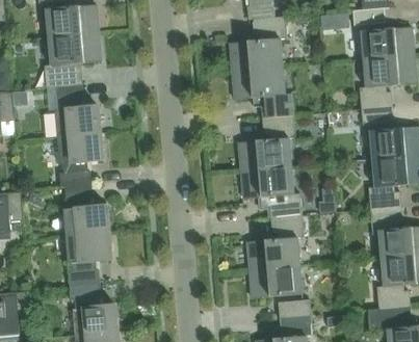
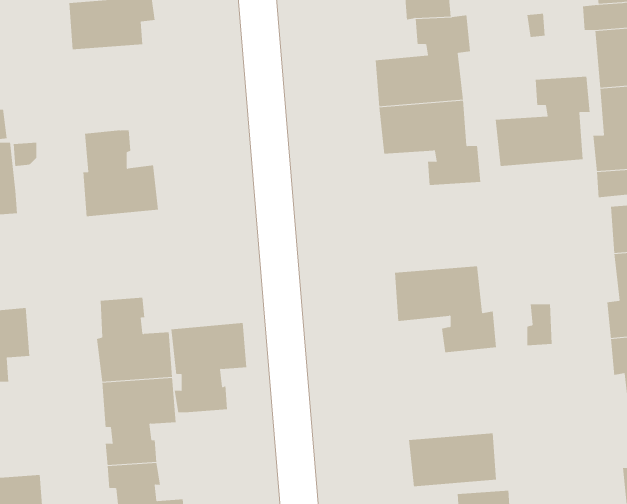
building: [44,33,101,87] -> none
building: [237,115,294,169] -> [495,76,590,167]
building: [56,132,102,186] -> [170,322,247,413]
building: [246,214,304,269] -> none

